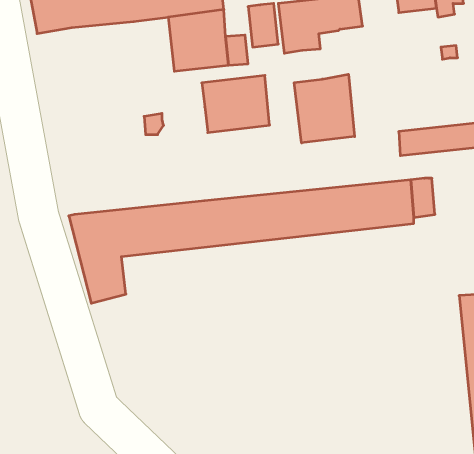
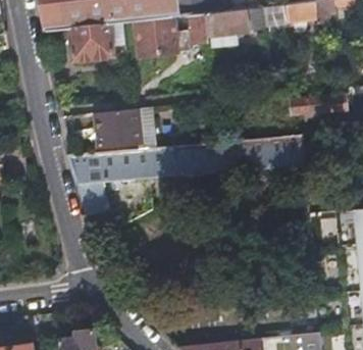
building: none -> [72,27,117,63]
building: [294,74,355,143] -> none
building: [202,75,270,133] -> [99,109,145,148]

